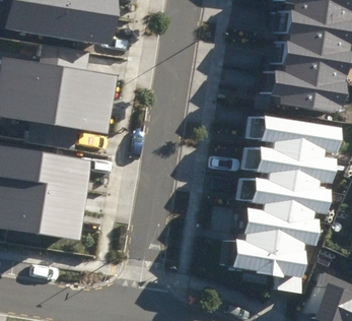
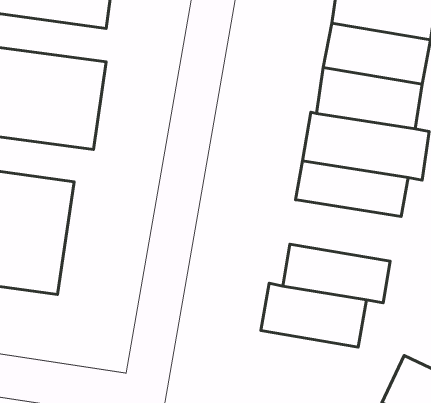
building: [245,171,327,215] -> none

